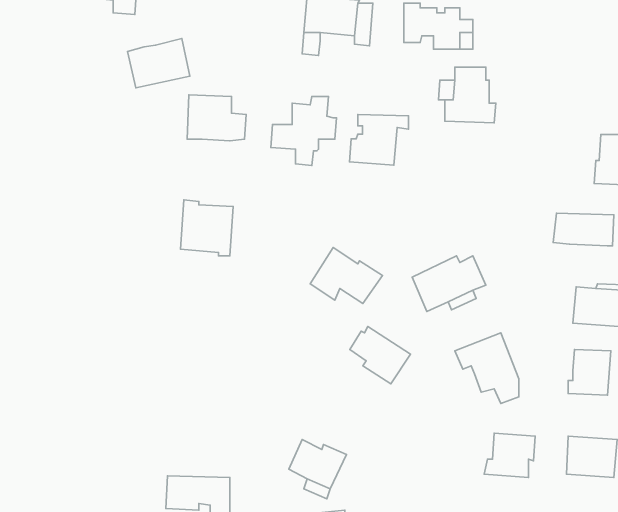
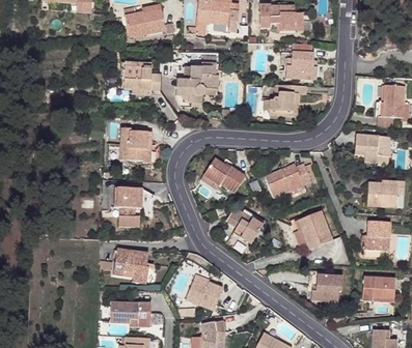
building: [128,39,190,88] -> [125,6,164,37]
building: [349,114,409,165] -> [269,84,306,116]
building: none -> [115,187,142,227]
building: none -> [113,248,148,279]

